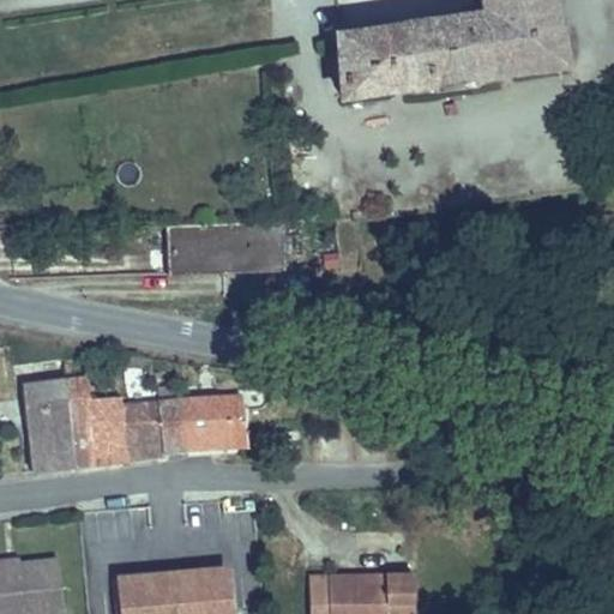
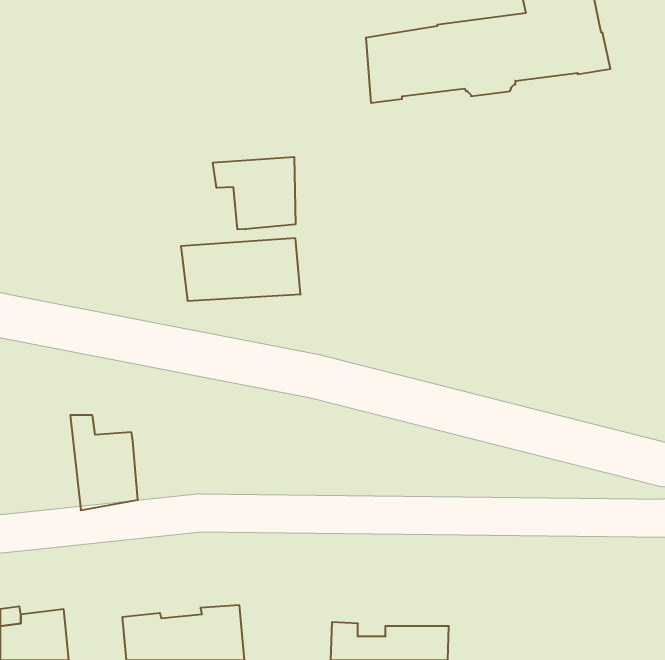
building: none -> [213,157,295,229]
building: [23,383,74,477] -> none
building: [122,398,249,460] -> none

